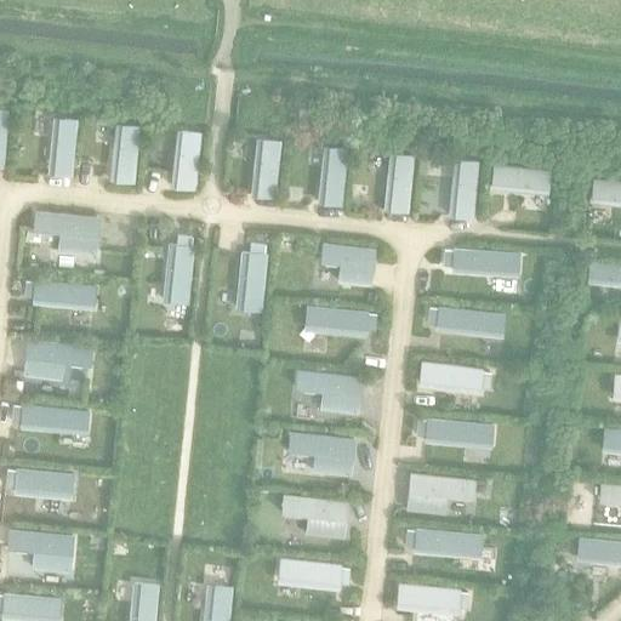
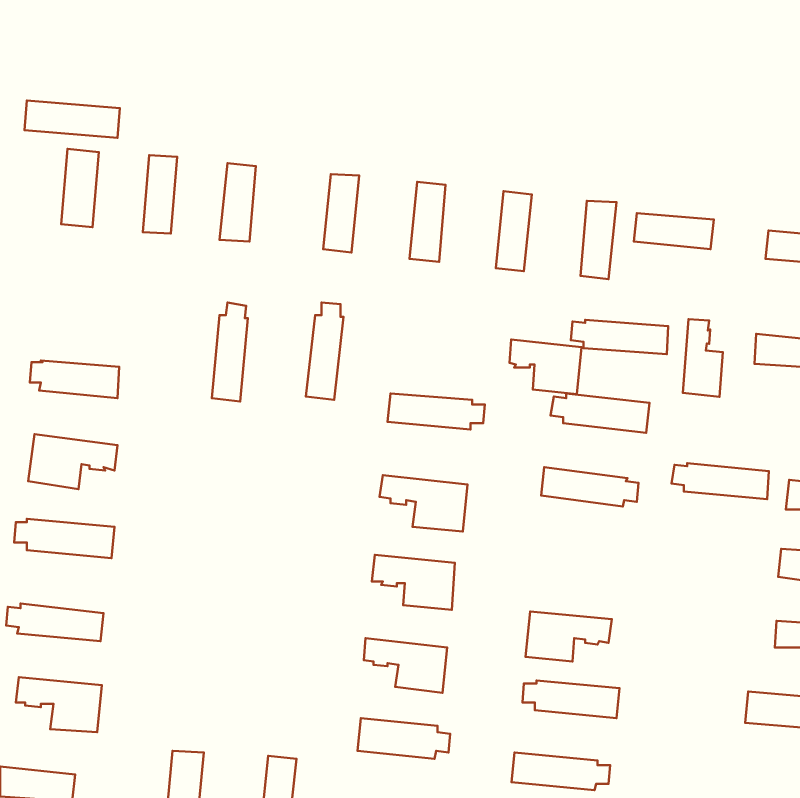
building: none -> [25,101,120,138]
building: [33,211,99,253] -> none
building: [320,243,376,285] -> [509,339,582,394]
building: none -> [683,319,723,397]
building: [416,420,491,448] -> [671,463,769,499]

